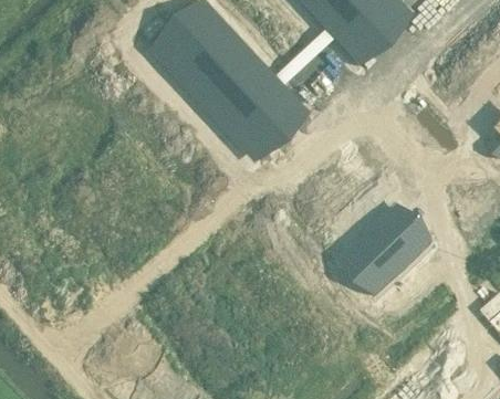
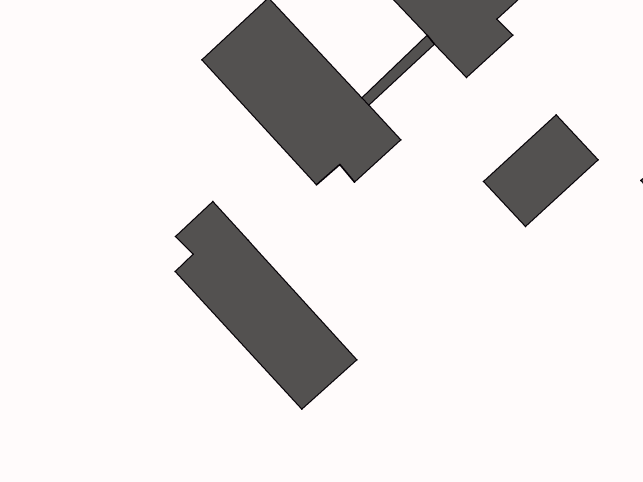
building: none -> [175,202,357,409]
building: [343,209,430,294] -> [483,115,598,227]

